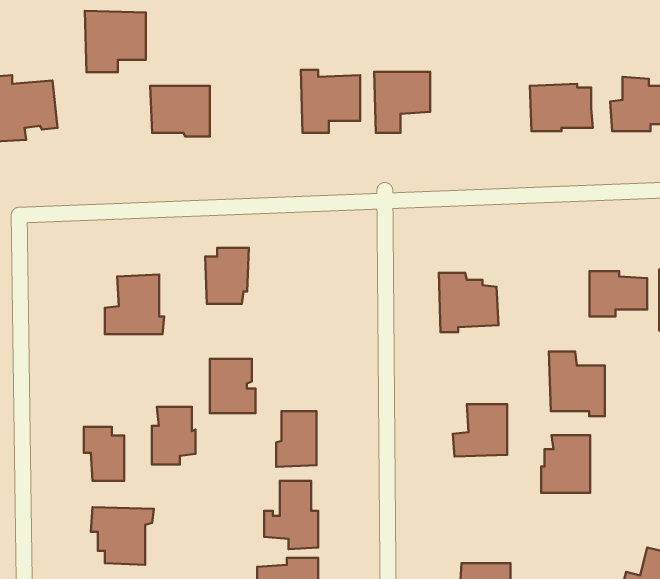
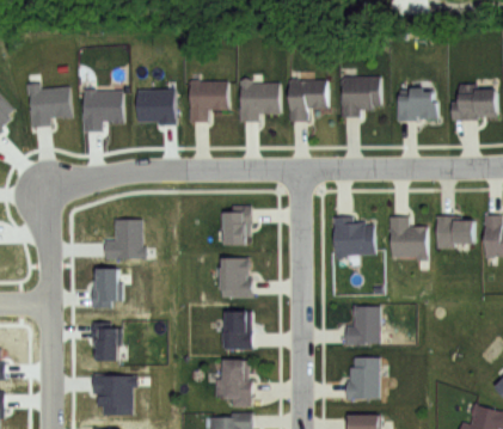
building: [85,11,146,72] -> [81,90,123,131]
building: none -> [341,76,381,117]
building: none -> [190,81,228,122]
building: [205,248,249,304] -> [222,206,252,244]
building: [549,352,605,416] -> [388,216,427,261]
building: [210,359,255,413] -> [220,259,251,296]
building: [152,407,195,464] -> [92,269,122,308]
building: [541,435,590,493] -> [346,358,380,398]

